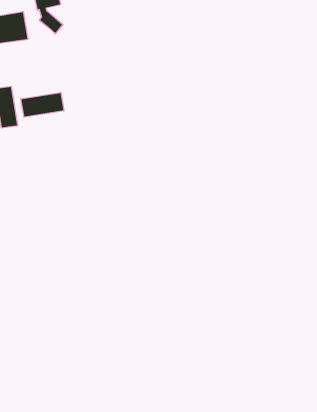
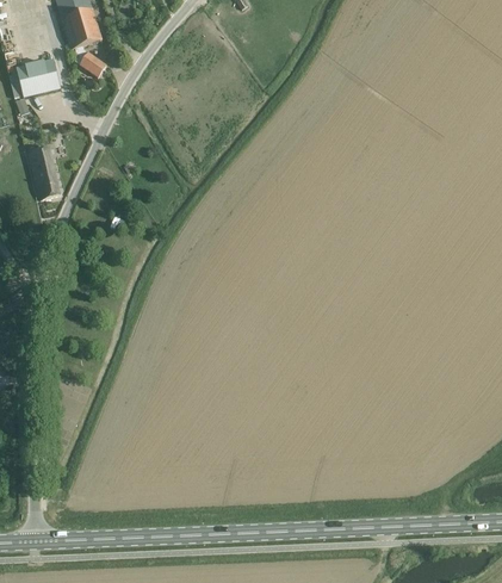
building: [21,92,64,117] -> none

